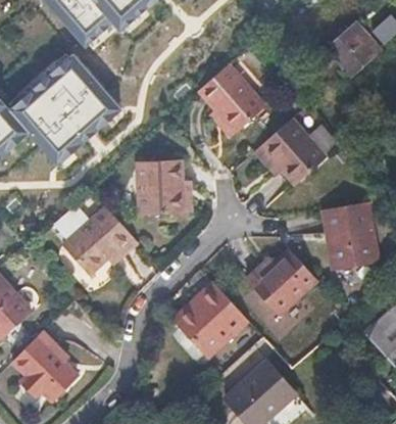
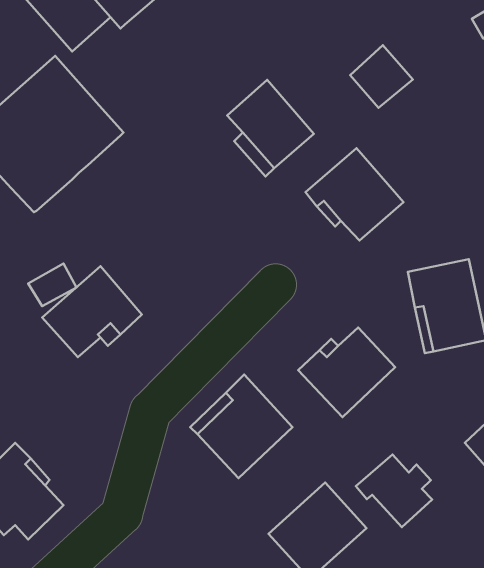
building: [330,29,375,74] -> [350,45,413,108]
building: [143,160,190,213] -> none
building: none -> [356,455,432,527]

